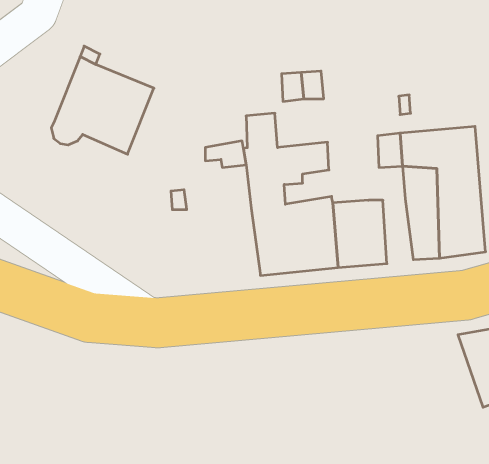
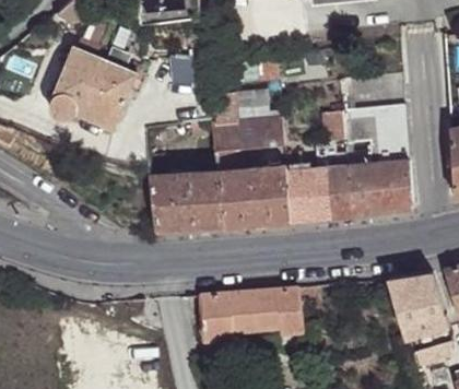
building: none -> [327,166,352,220]
building: none -> [151,174,225,233]
building: none -> [201,288,303,342]

